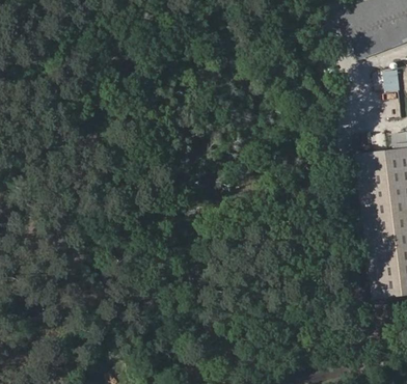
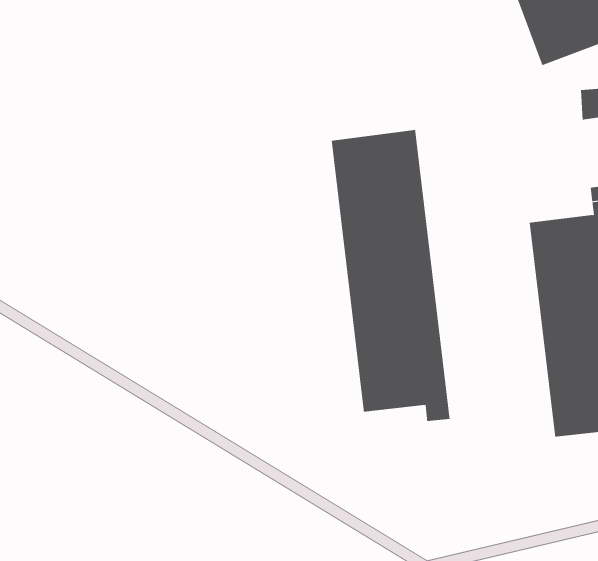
building: none -> [331,129,450,422]

